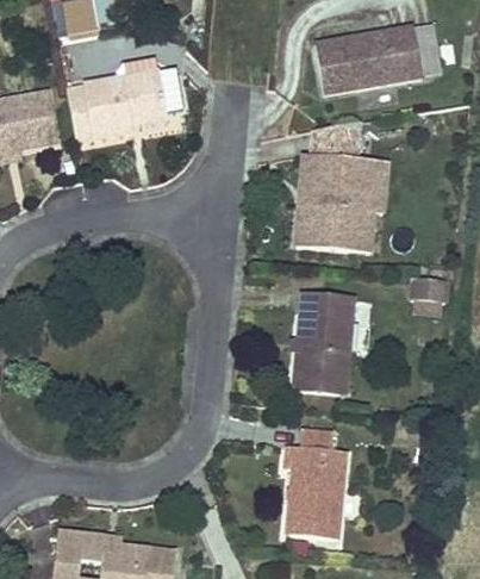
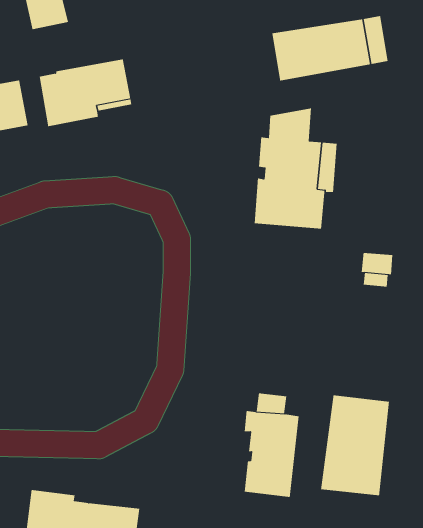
building: [293,293,353,393] -> none
building: none -> [320,395,390,496]

